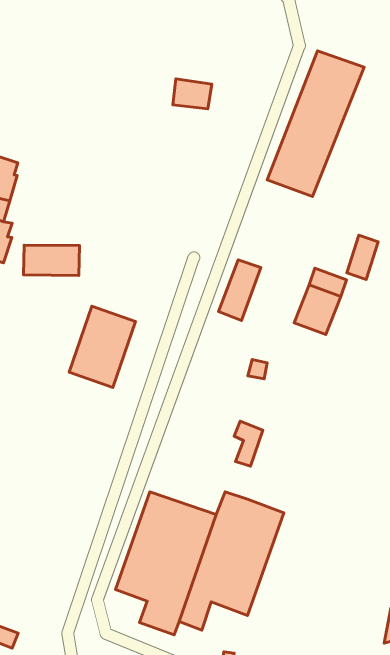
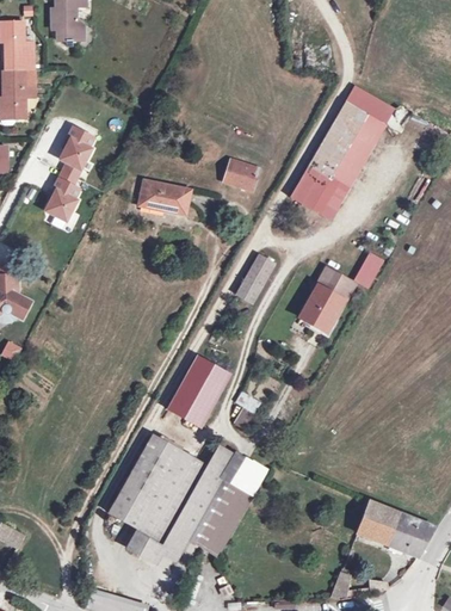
building: [173,79,212,109] -> [221,159,257,189]
building: [23,245,79,275] -> [136,181,187,215]
building: [69,306,136,388] -> [167,356,230,427]

